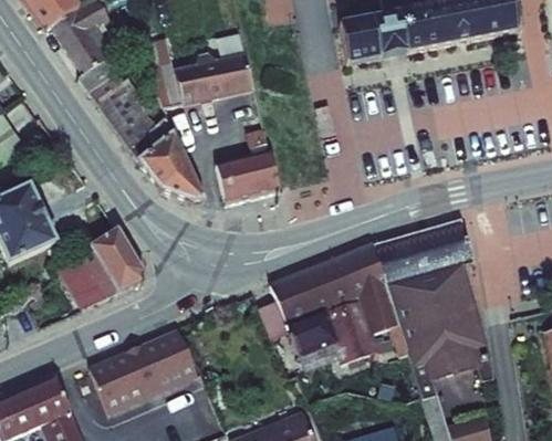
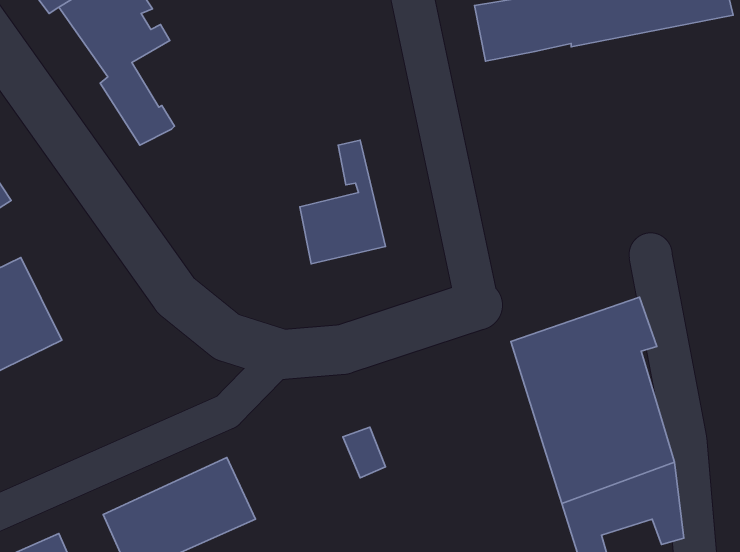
building: [157,44,260,103] -> none
building: [111,101,210,200] -> none
building: [53,234,137,315] -> none
building: [270,249,394,363] -> none

